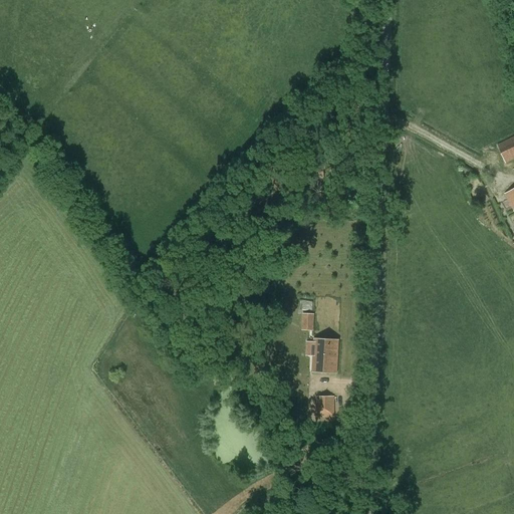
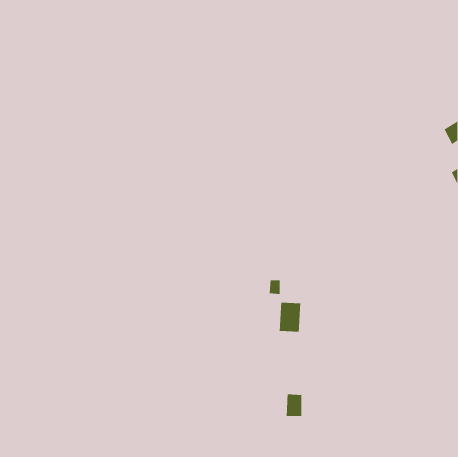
building: [316,395,334,421] -> [286,394,302,417]

